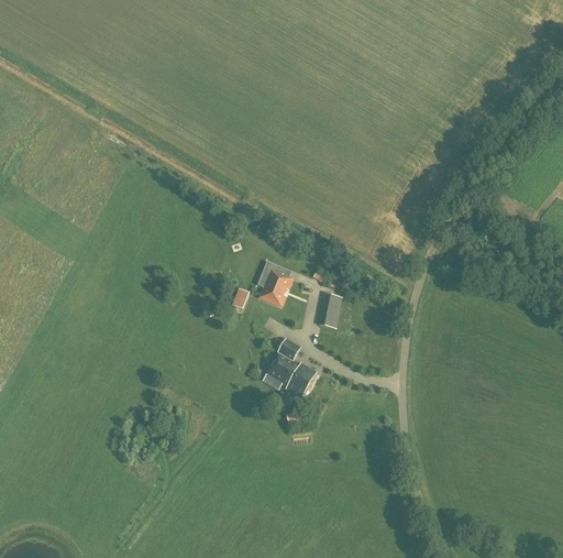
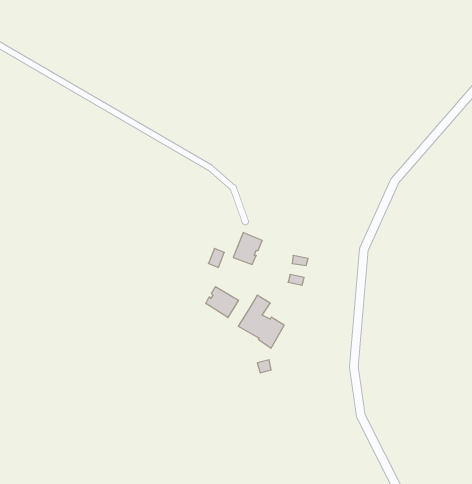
building: none -> [206,287,238,318]

